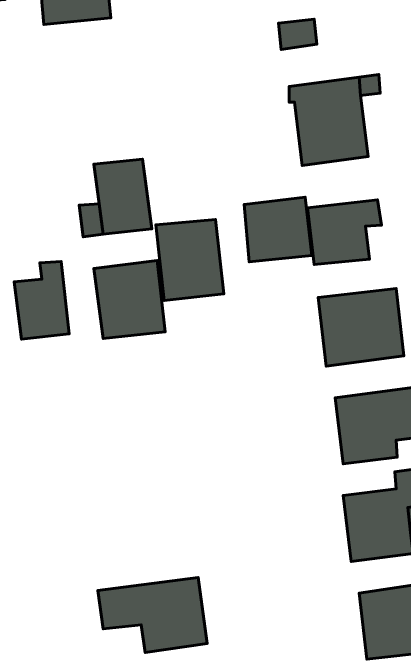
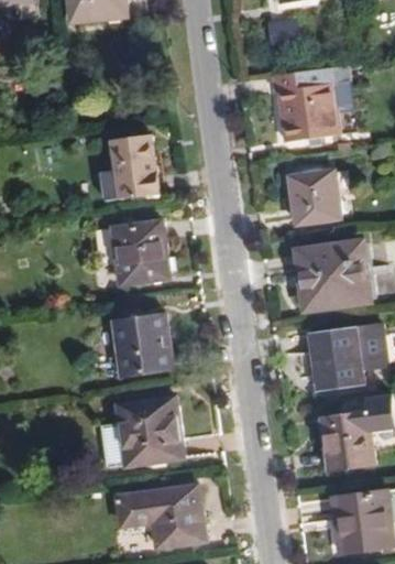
building: [244,197,312,262] -> none
building: [156,219,224,301] -> none
building: [14,262,69,339] -> none
building: none -> [111,314,172,376]
building: none -> [99,397,184,467]

